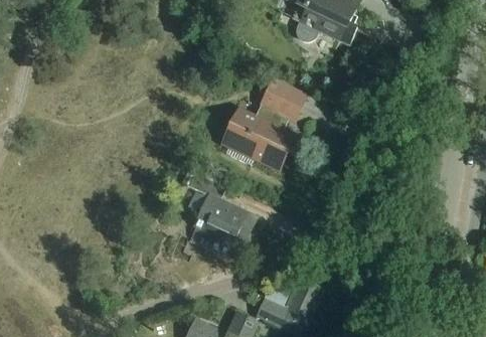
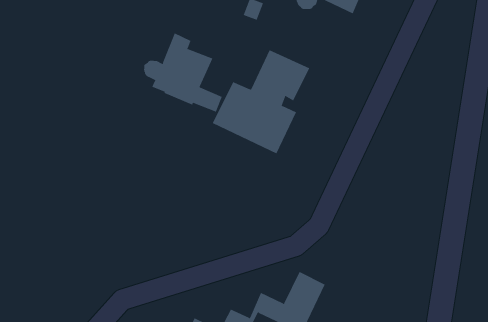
building: none -> [144,33,222,113]
building: [185,171,256,259] -> none

